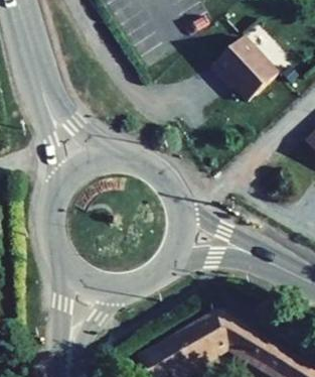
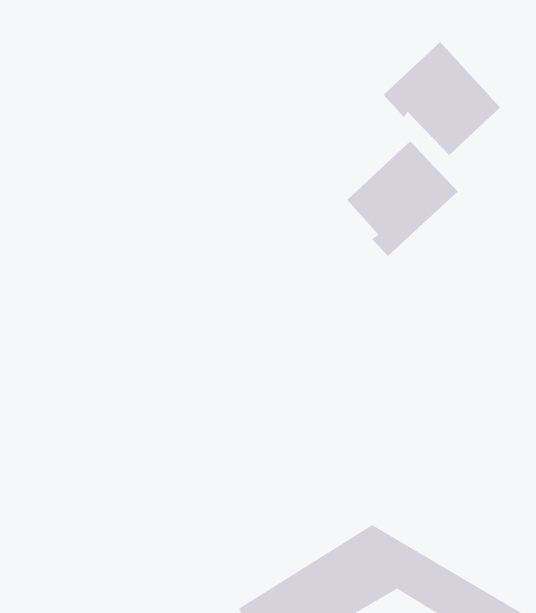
building: none -> [347,141,458,257]

